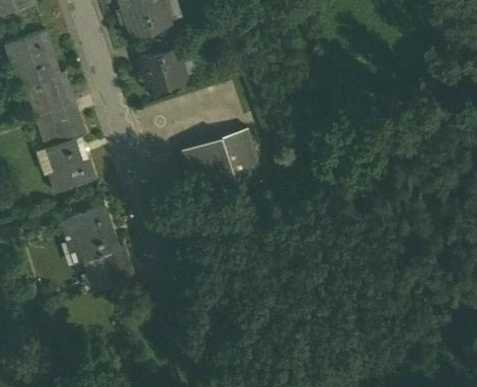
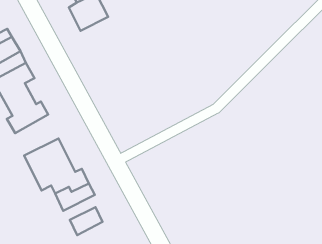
building: [180,128,262,200] -> none
building: none -> [70,207,103,235]

